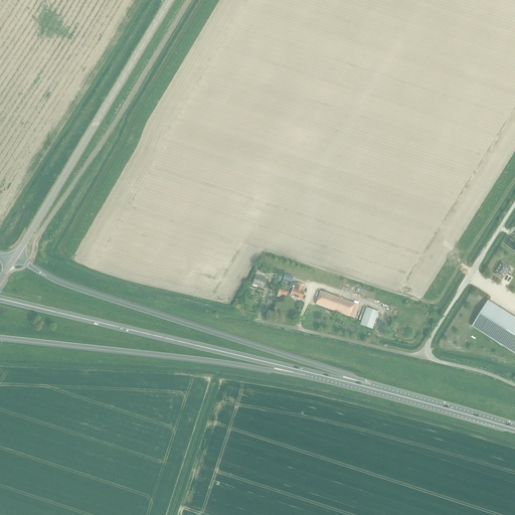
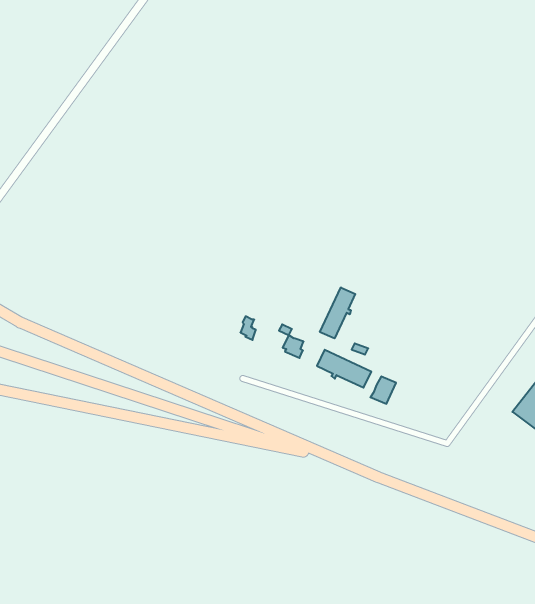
building: none -> [320,287,355,338]

